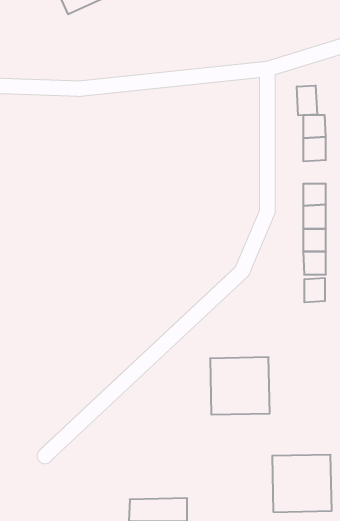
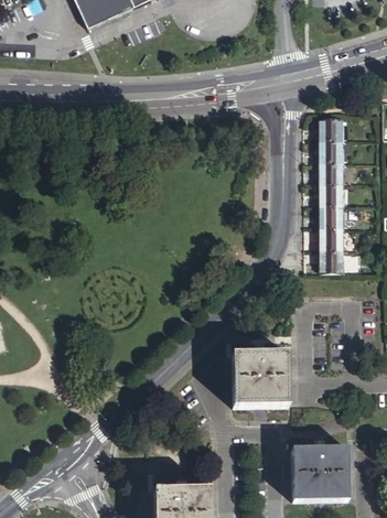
building: [297,85,317,115] -> none
building: none -> [320,163,342,186]
building: [304,278,325,302] -> none

